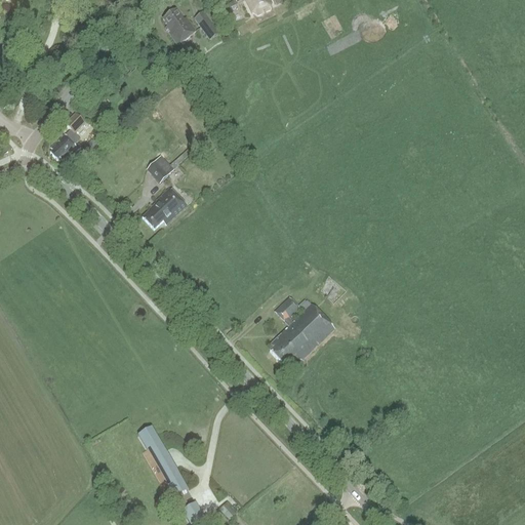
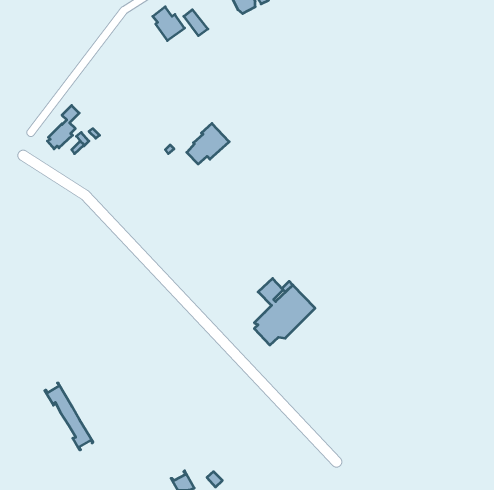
building: [147,154,174,181] -> none
building: [142,185,187,228] -> [187,123,229,164]
building: [137,425,189,495] -> [45,383,93,450]

